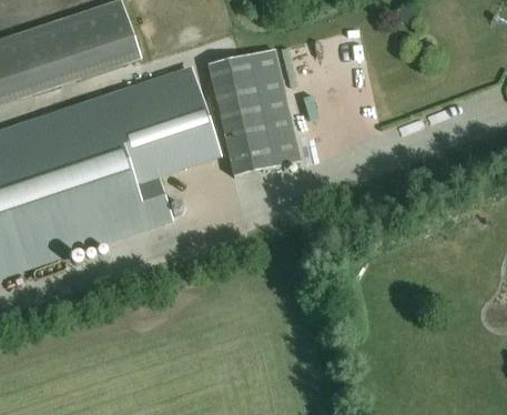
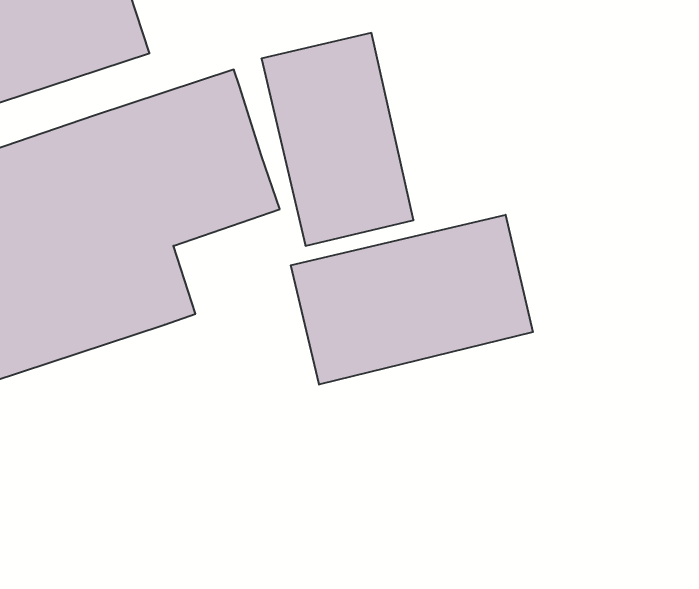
building: none -> [291,215,533,385]

